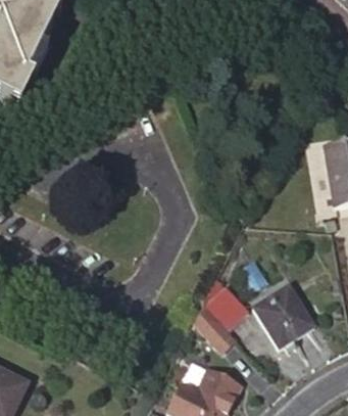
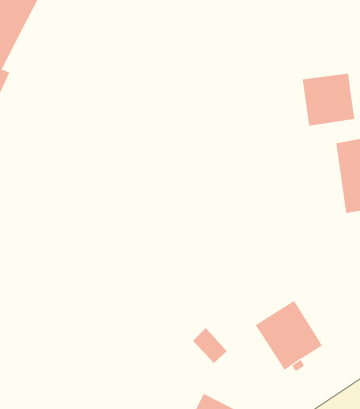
building: none -> [302,73,355,126]
building: [204,284,248,329] -> none

